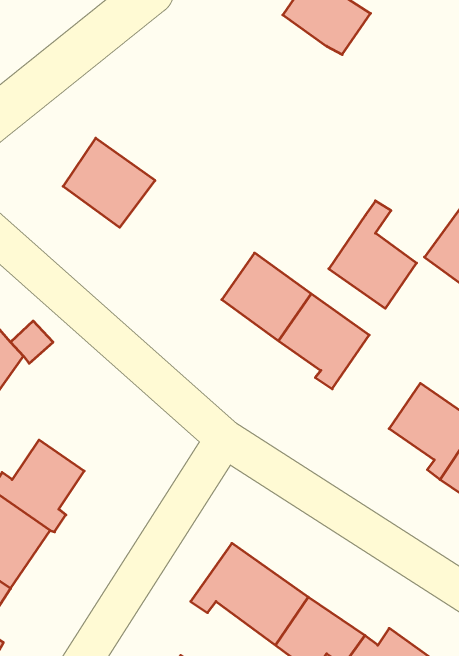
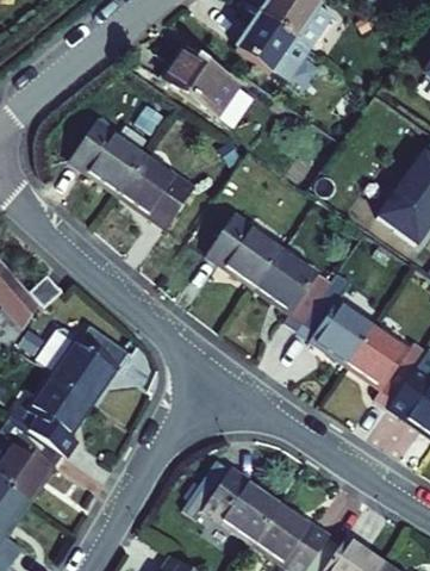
building: none -> [235,14,309,83]
building: none -> [163,50,233,114]
building: none -> [121,154,198,226]
building: [329,201,417,308] -> [300,272,374,362]
building: none -> [35,325,132,398]

